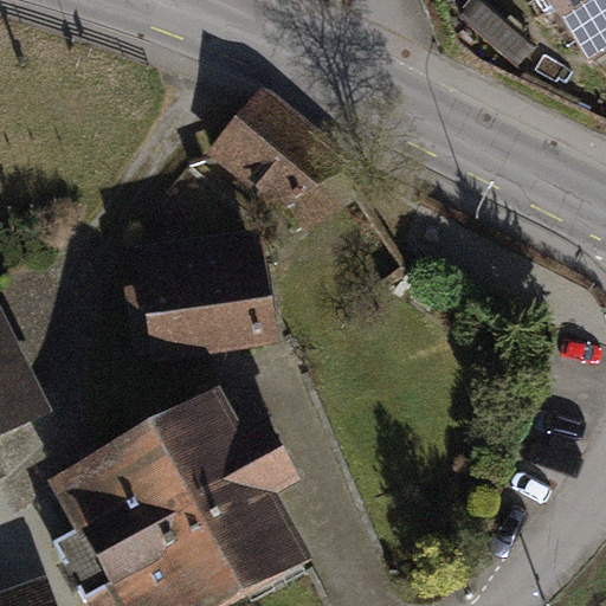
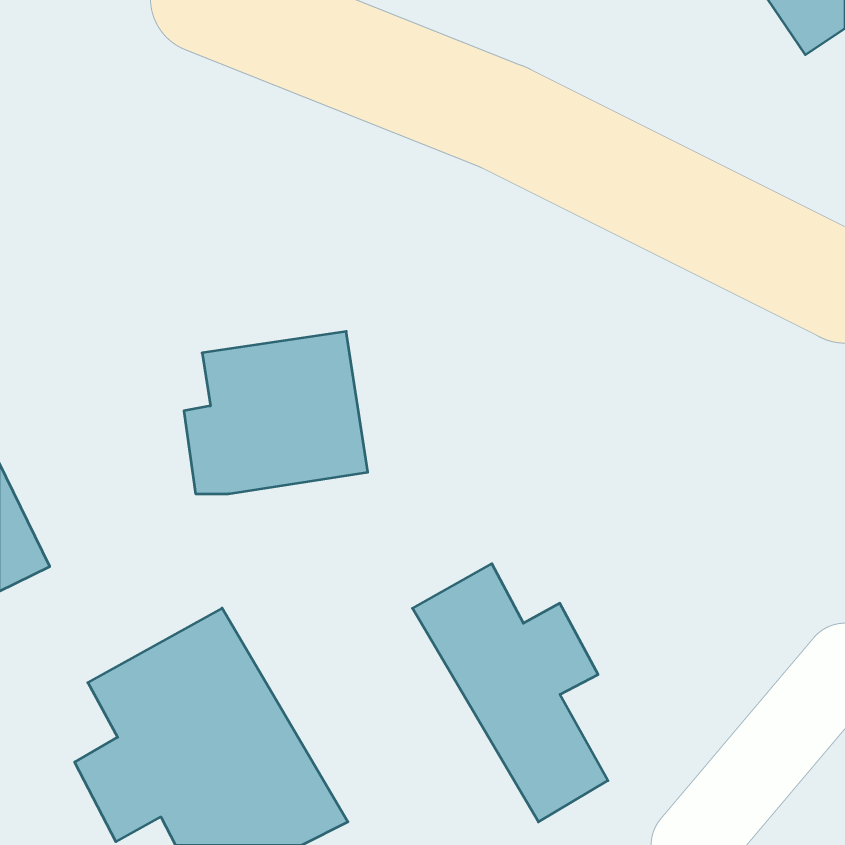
building: [215,99,346,207] -> none
building: [159,402,298,587] -> [412,564,608,822]

